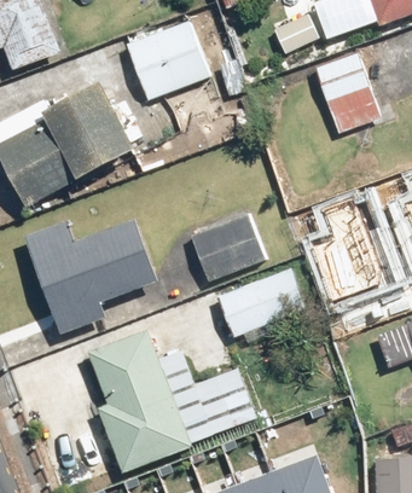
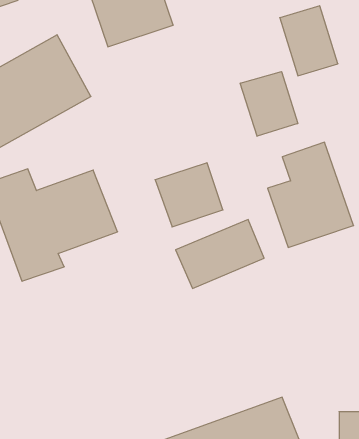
building: none -> [240,72,298,136]
building: [88,327,250,471] -> none

